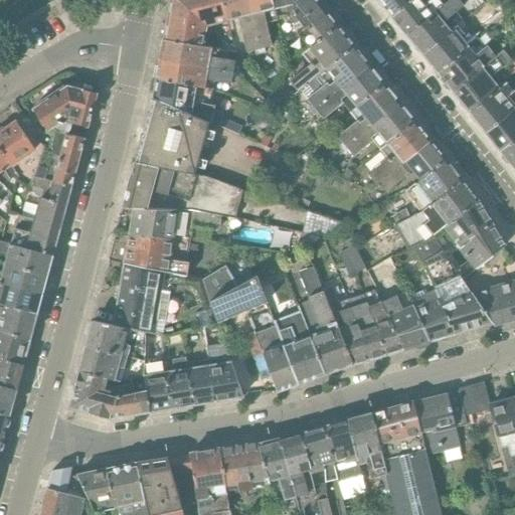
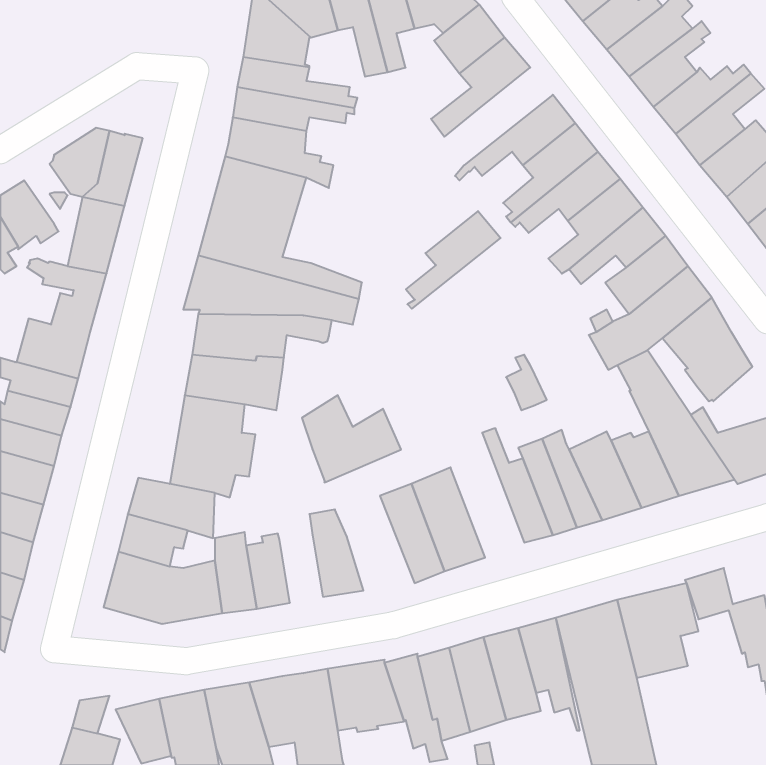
building: [308,45,371,111] -> [406,211,501,309]
building: [300,269,352,373] -> none
building: [188,358,217,403] -> none

